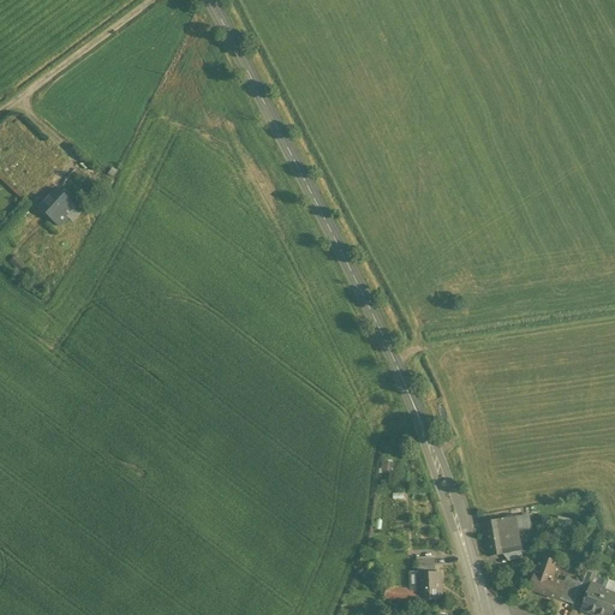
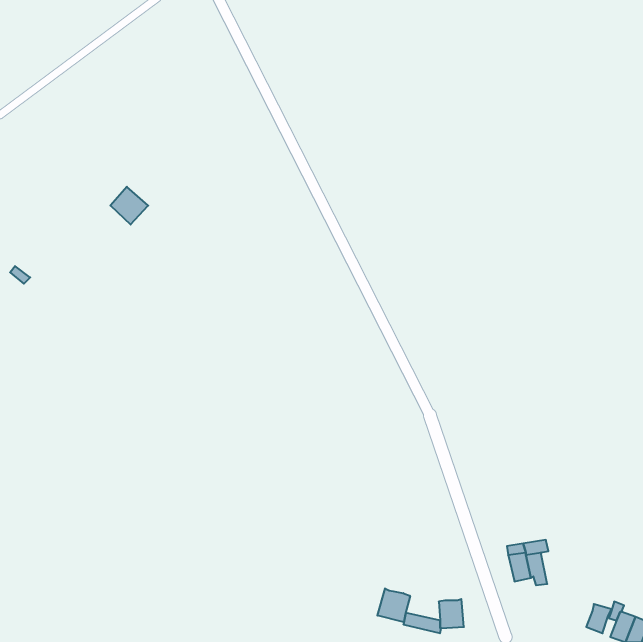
building: [41,187,77,223] -> [110,187,148,225]
building: [531,555,566,597] -> none
building: none -> [377,588,410,622]

